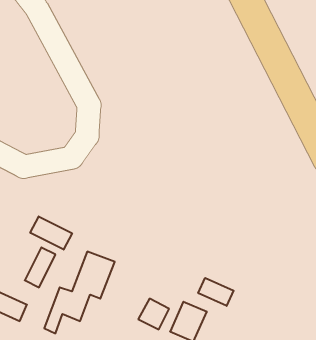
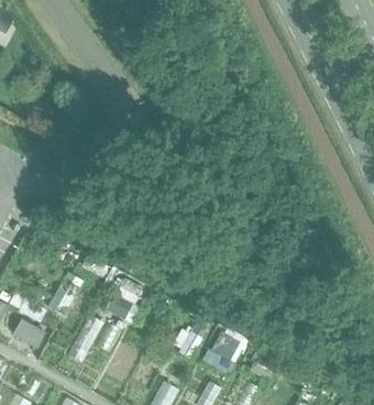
building: [30,216,72,250] -> none
building: [198,278,234,306] -> none

